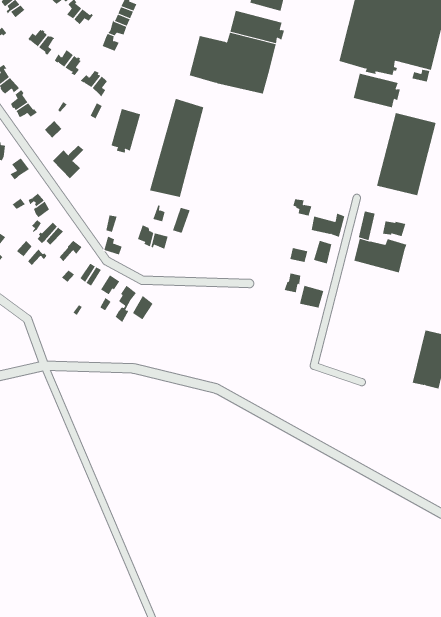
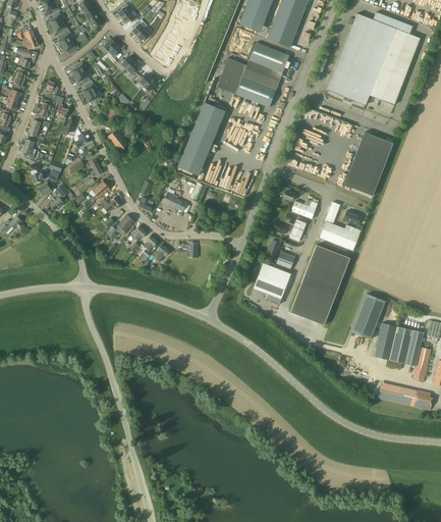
building: [353,73,400,108] -> none
building: [111,108,141,153] -> none
building: none -> [290,245,349,325]
building: none -> [253,263,290,305]

